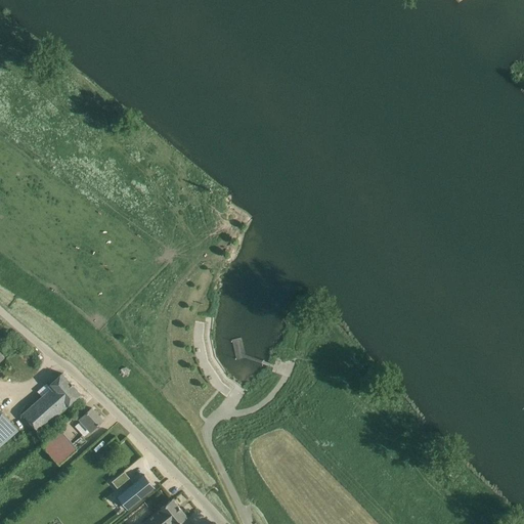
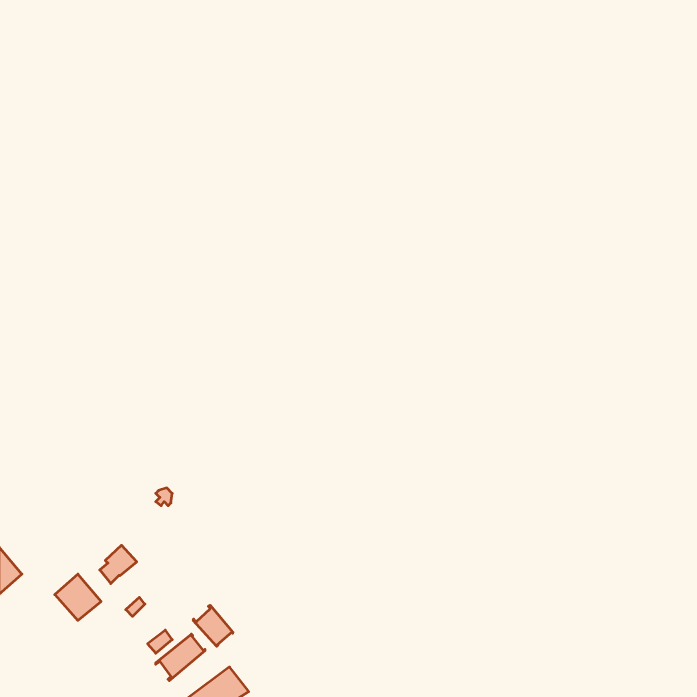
building: [21,375,80,433] -> none
building: none -> [193,605,233,646]

